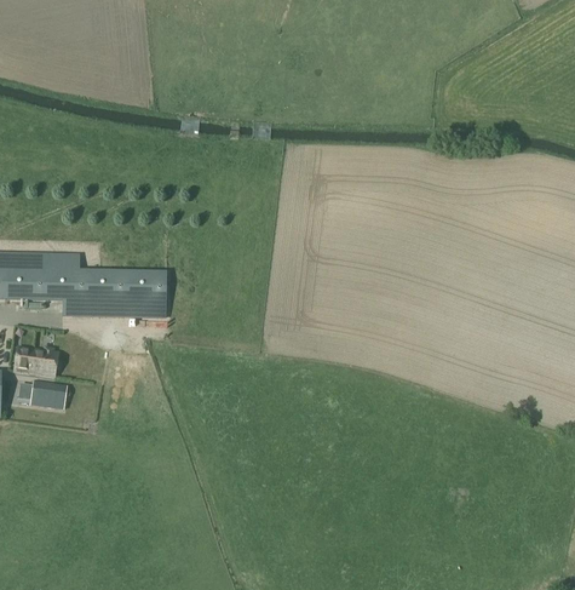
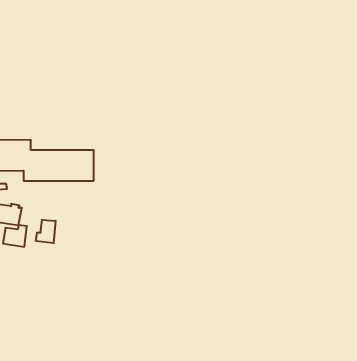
building: none -> [36,220,56,243]

